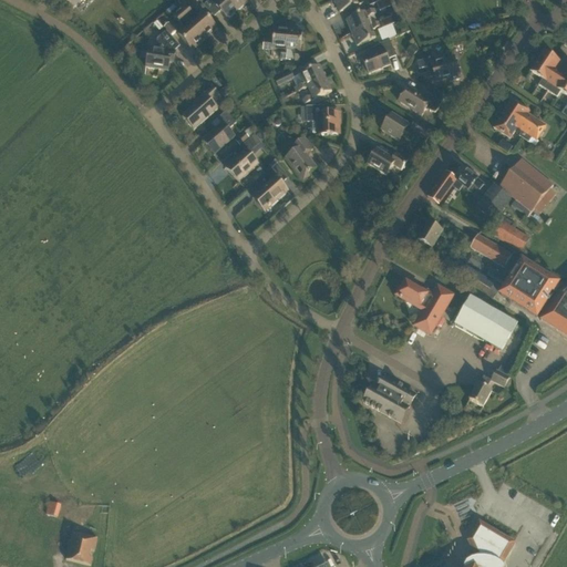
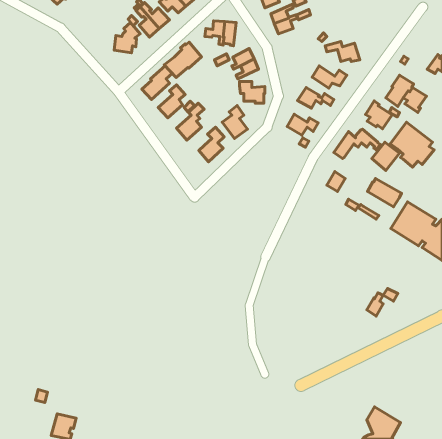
building: [361,37,396,71] -> none
building: [532,49,560,89] -> none
building: none -> [164,42,201,78]
building: none -> [366,101,392,129]
building: [492,218,530,250] -> none
building: [395,277,453,333] -> none
building: [457,296,517,344] -> none
building: [362,374,416,421] -> none

